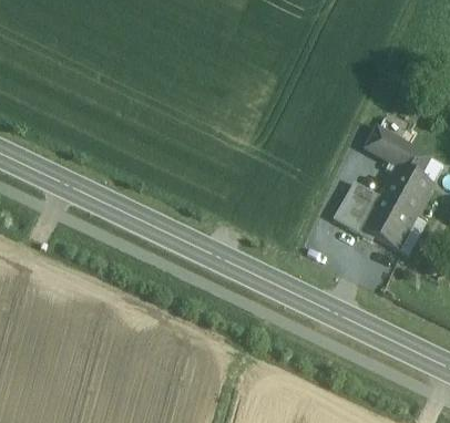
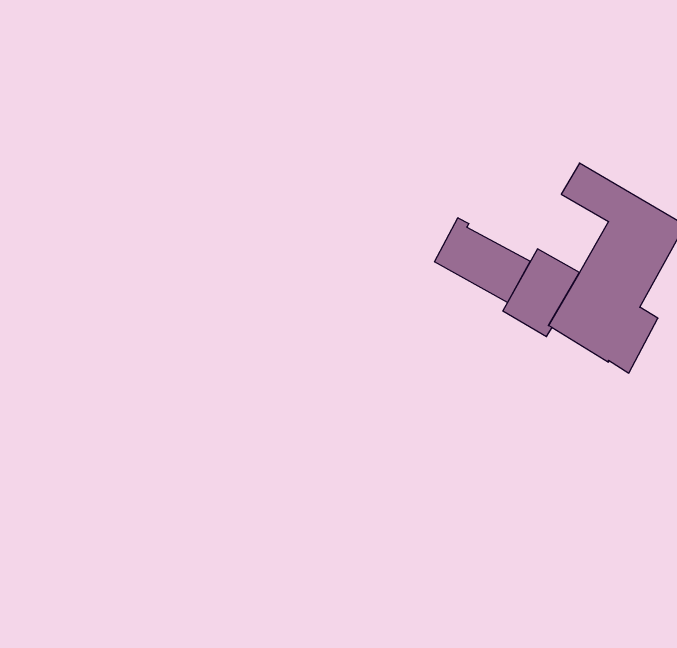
building: none -> [435,218,530,303]

